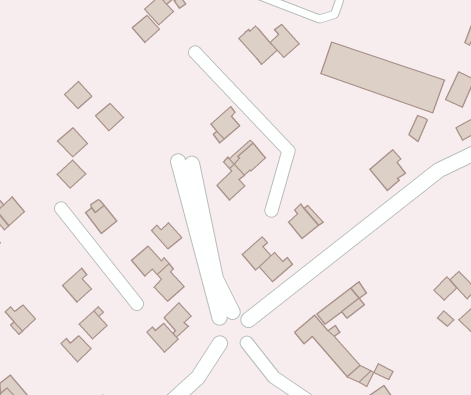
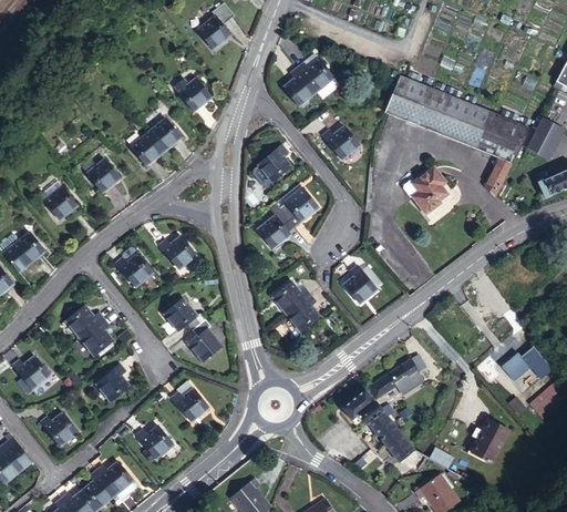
building: [132,15,159,43] -> [174,76,205,107]
building: [270,25,299,57] -> [282,65,316,103]
building: [65,81,92,108] -> [145,117,176,149]
building: none -> [323,127,360,161]
building: [370,150,406,191] -> [409,167,450,214]
building: [57,160,86,188] -> [40,185,73,217]
building: [151,223,182,249] -> [161,234,195,264]
building: [259,252,293,282] -> [272,280,311,314]
building: none -> [63,305,102,338]
building: [164,303,191,337] -> none
building: [61,336,91,362] -> [42,413,76,443]
building: none -> [473,419,511,462]
building: none -> [136,424,173,461]

